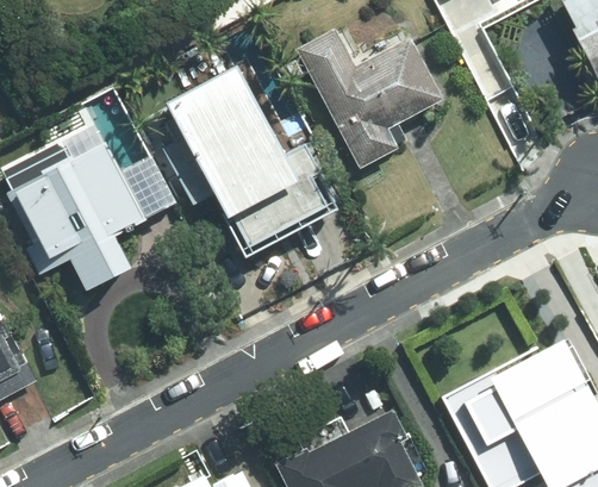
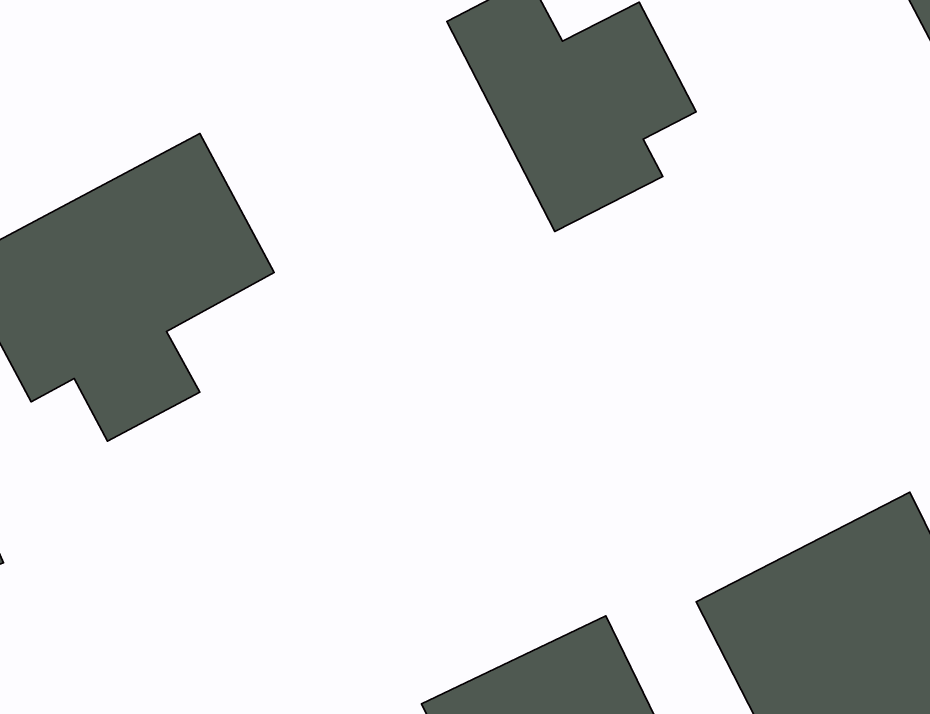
building: [161,52,341,262] -> none

